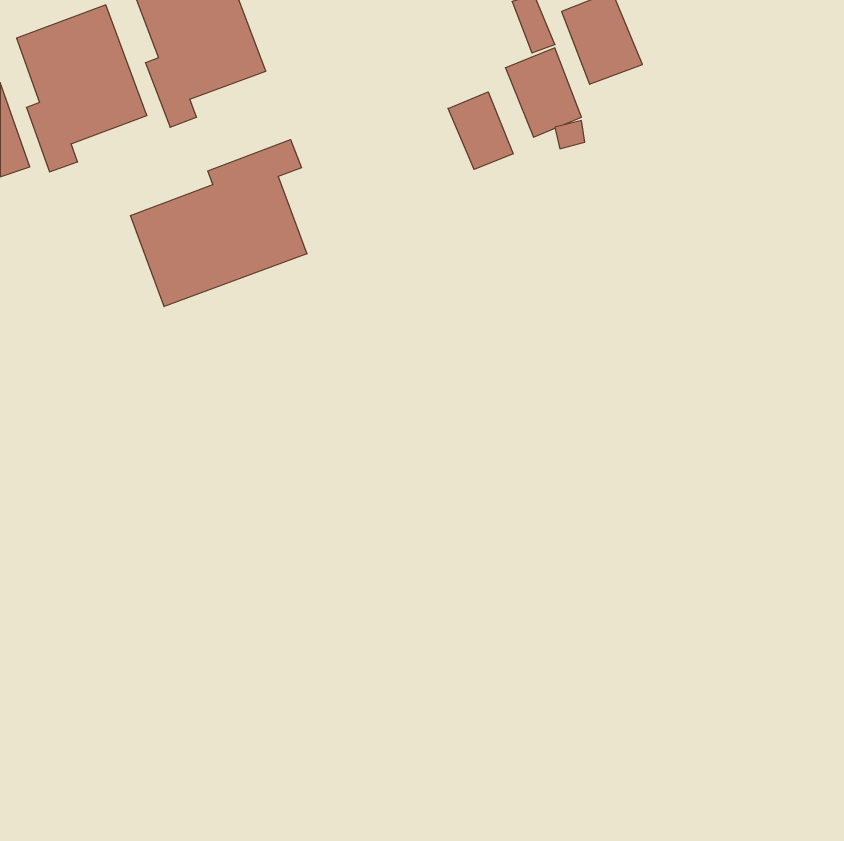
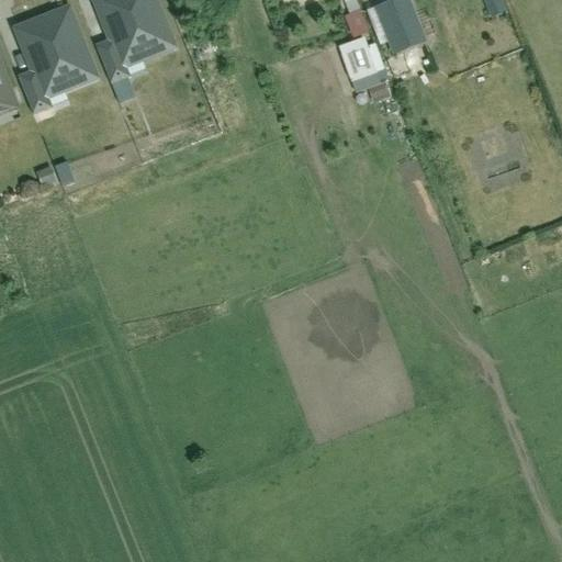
building: [448,92,513,169] -> none
building: [130,140,307,307] -> none

